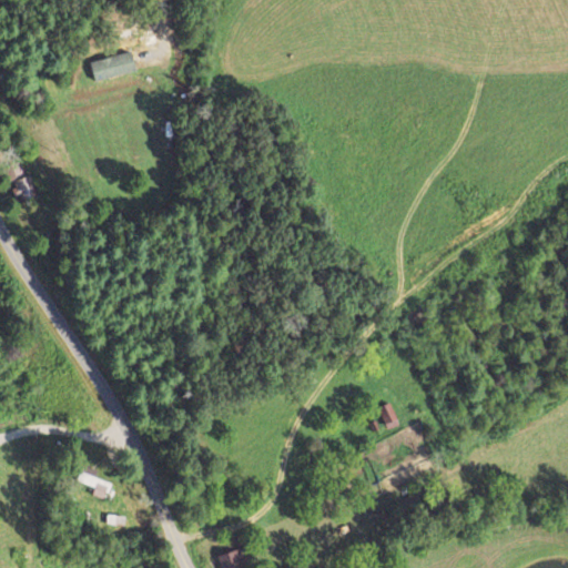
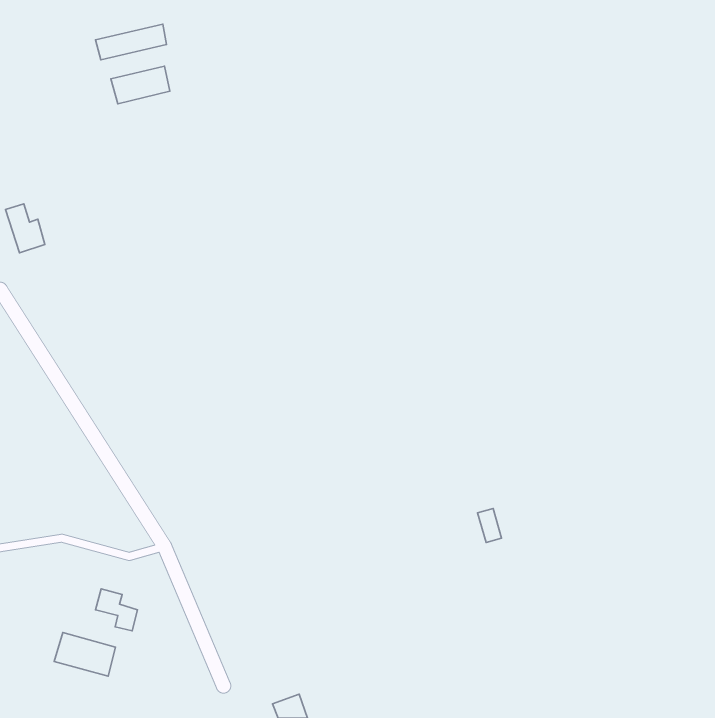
building: none -> [96,24,166,60]
building: none -> [54,633,116,676]

